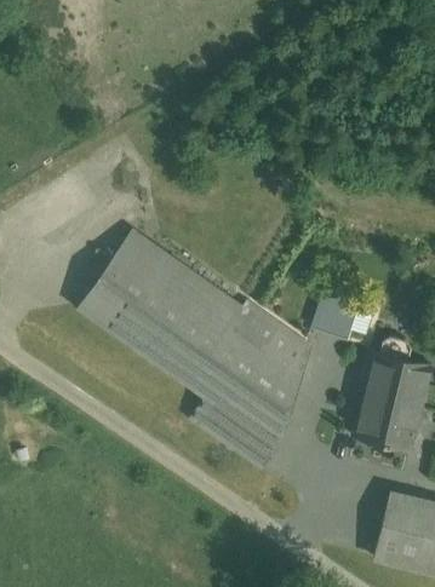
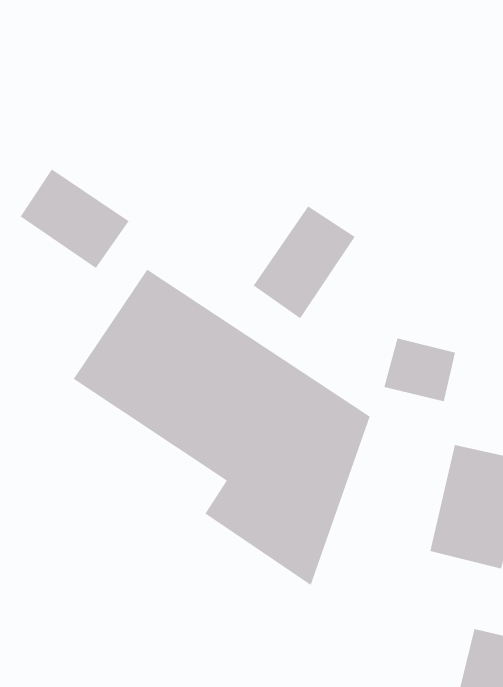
building: none -> [20,169,129,269]
building: none -> [253,205,356,319]

